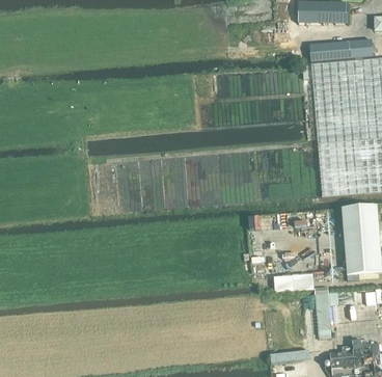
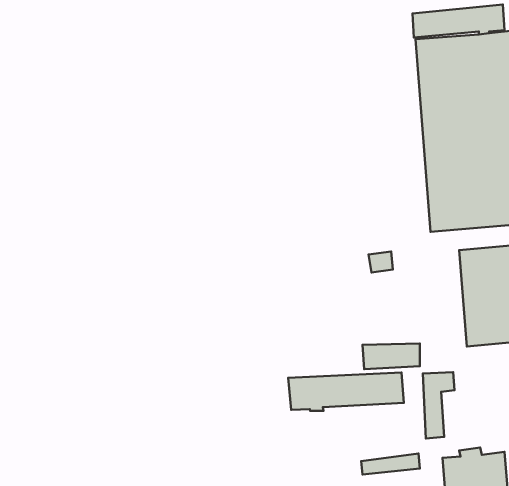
building: none -> [288,373,404,411]

